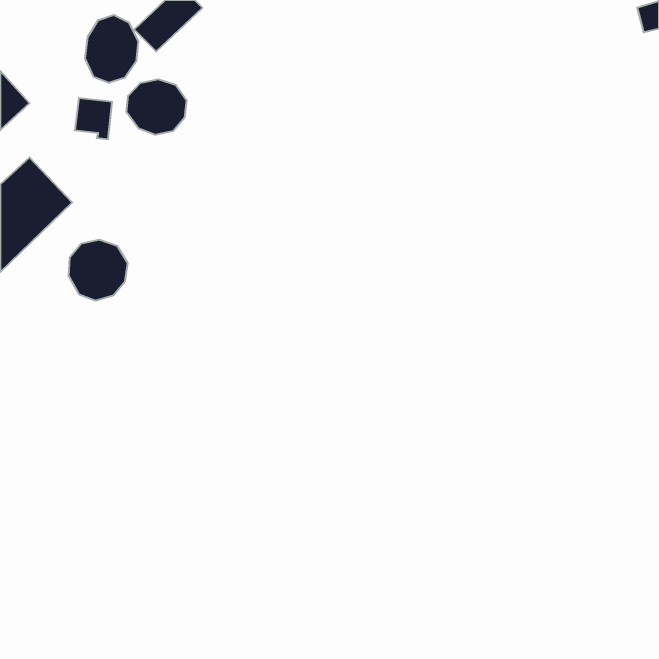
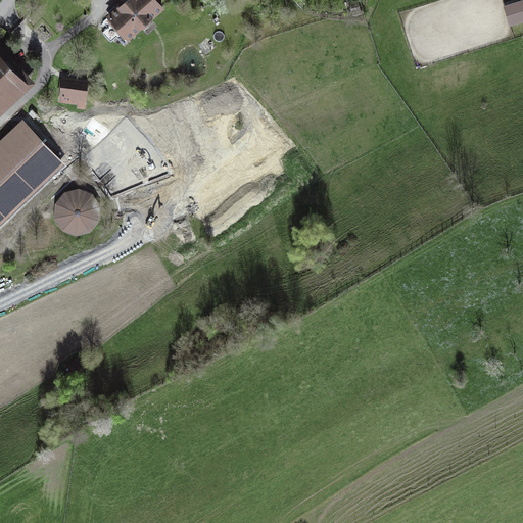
building: [85,15,138,83] -> none
building: [127,79,186,135] -> none

